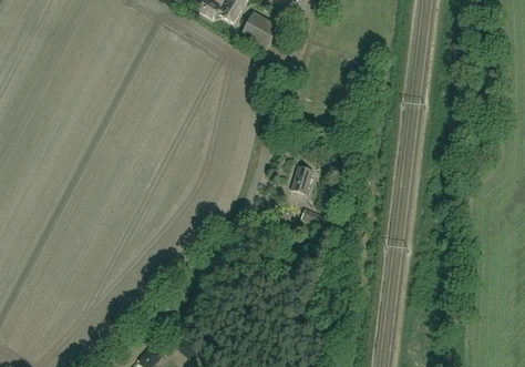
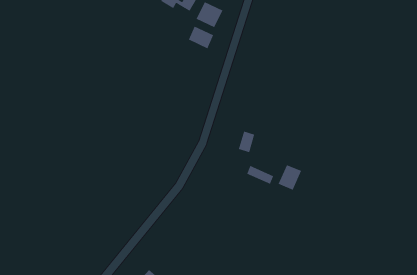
building: none -> [188,25,214,50]
building: none -> [278,164,302,191]

